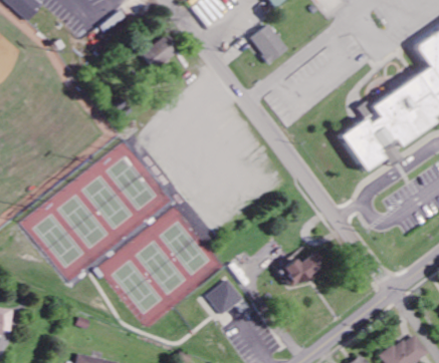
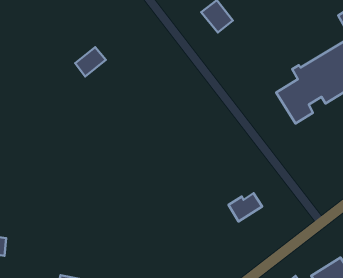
building: [142,34,179,69] -> [75,47,106,76]
building: [208,279,244,314] -> none

